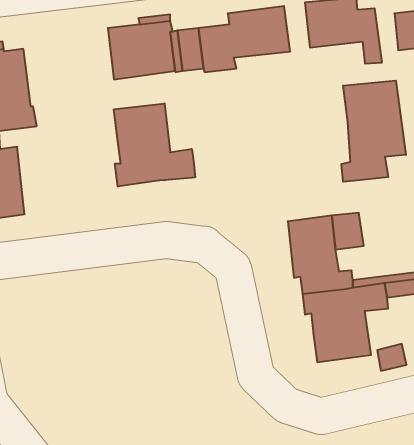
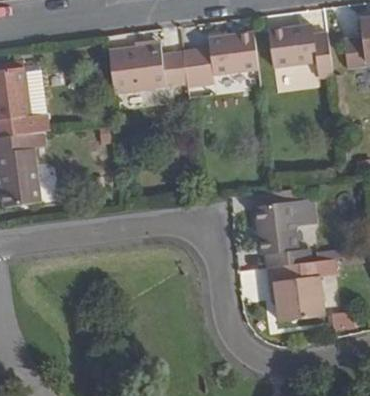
building: [342,81,406,182] -> none
building: [114,103,195,187] -> none

